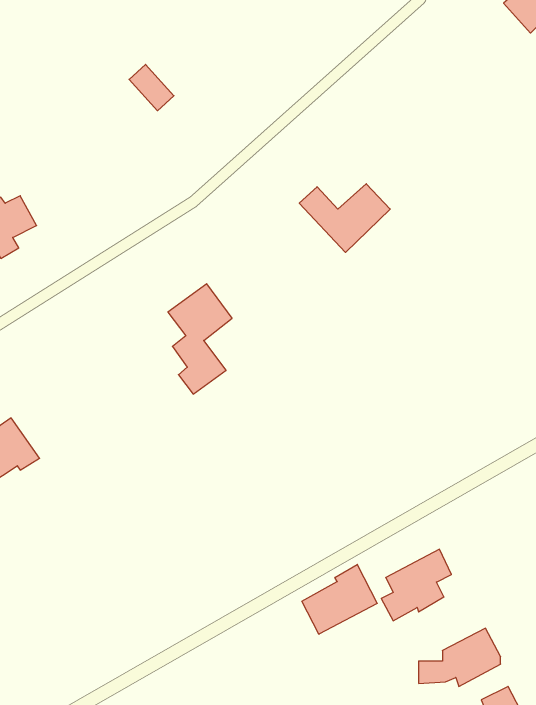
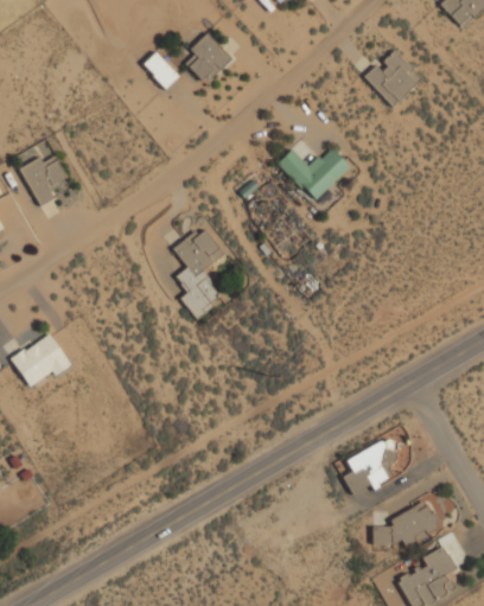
building: none -> [186,33,231,83]
building: none -> [365,52,424,107]
building: [302,564,377,634] -> none

